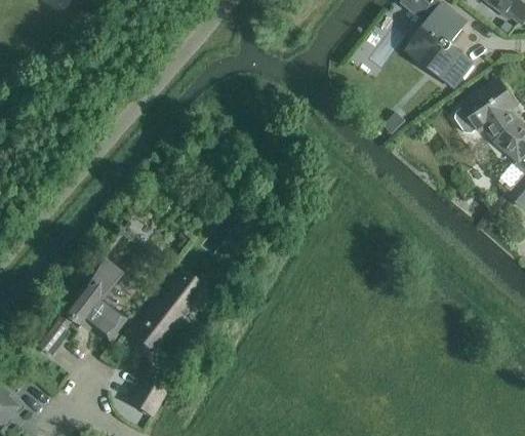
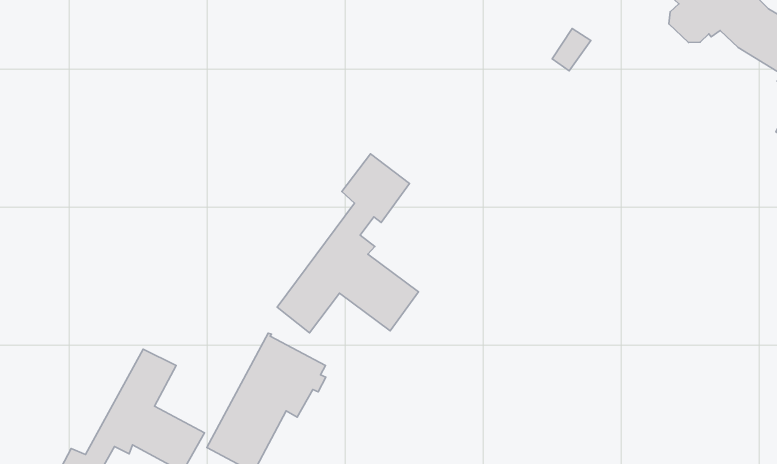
building: none -> [277,154,418,333]

